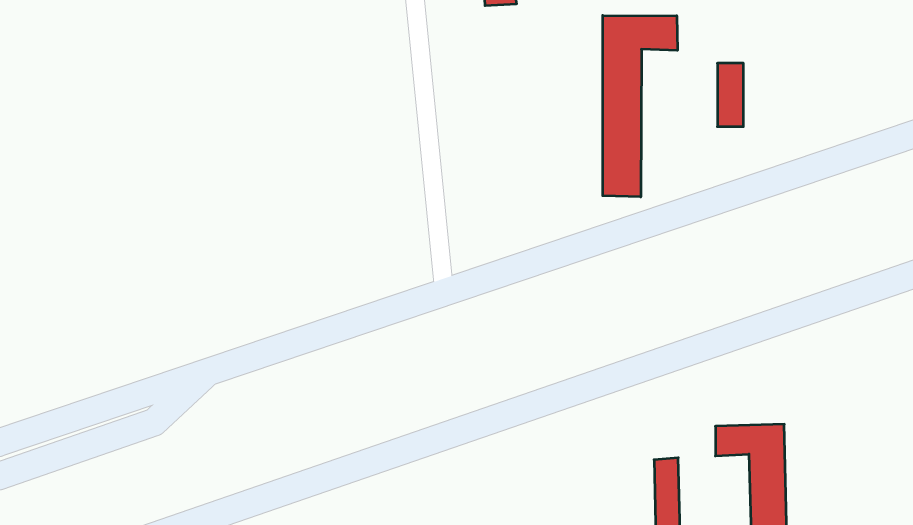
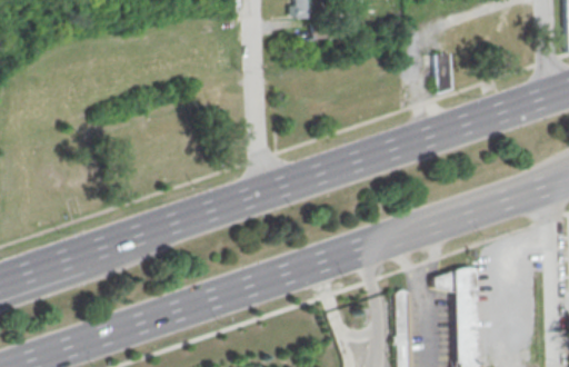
building: [603,15,677,197] -> none

